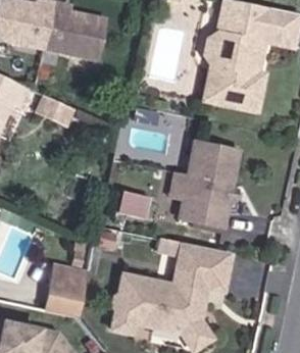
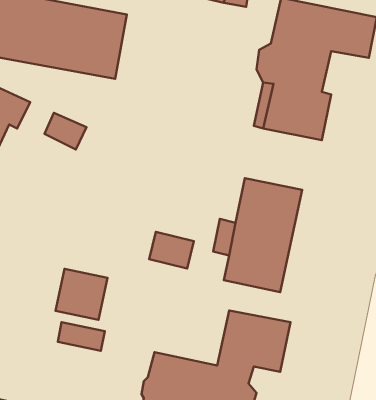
building: [43,271,84,311] -> [55,269,108,320]

